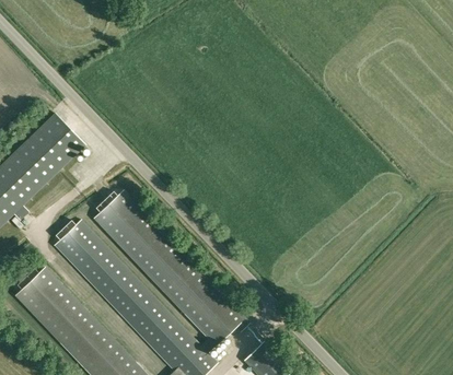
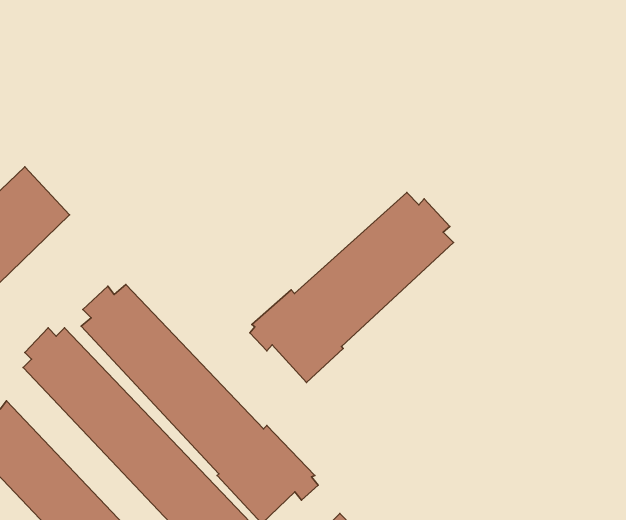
building: none -> [250,193,453,382]

